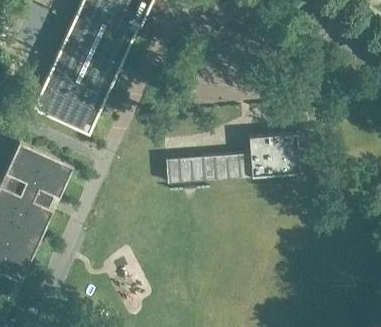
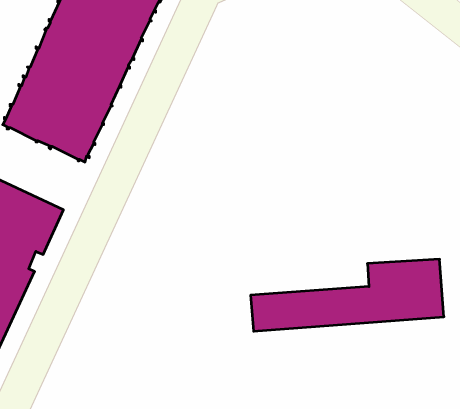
building: [167,134,301,184] -> [251,259,444,331]

